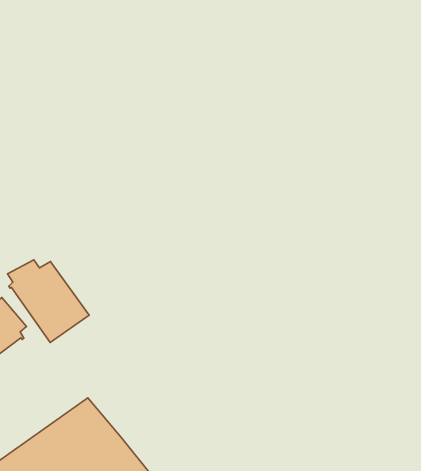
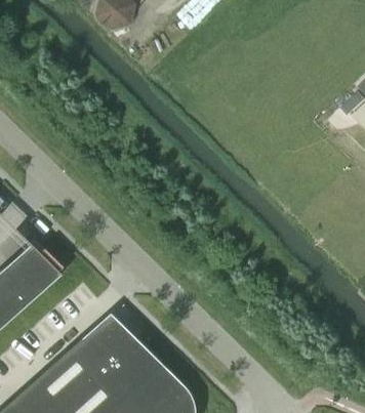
building: [7,260,89,343] -> none

